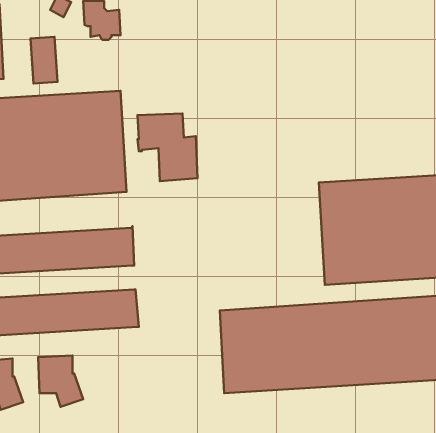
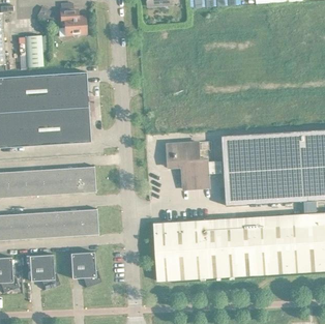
building: [137,114,197,181] -> [168,143,209,189]
building: none -> [70,252,101,287]

